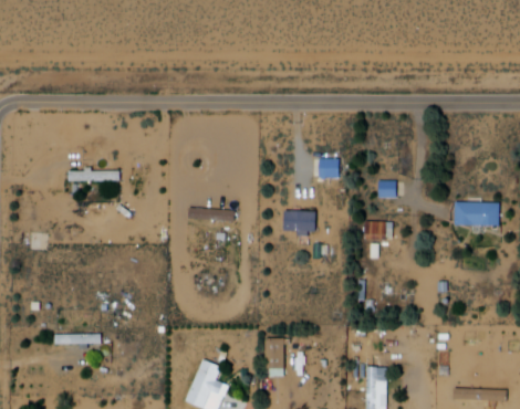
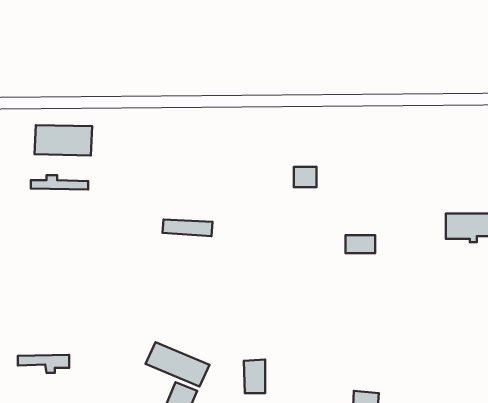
building: none -> [35,125,92,155]
building: [287,213,318,234] -> none
building: none -> [146,342,210,387]

